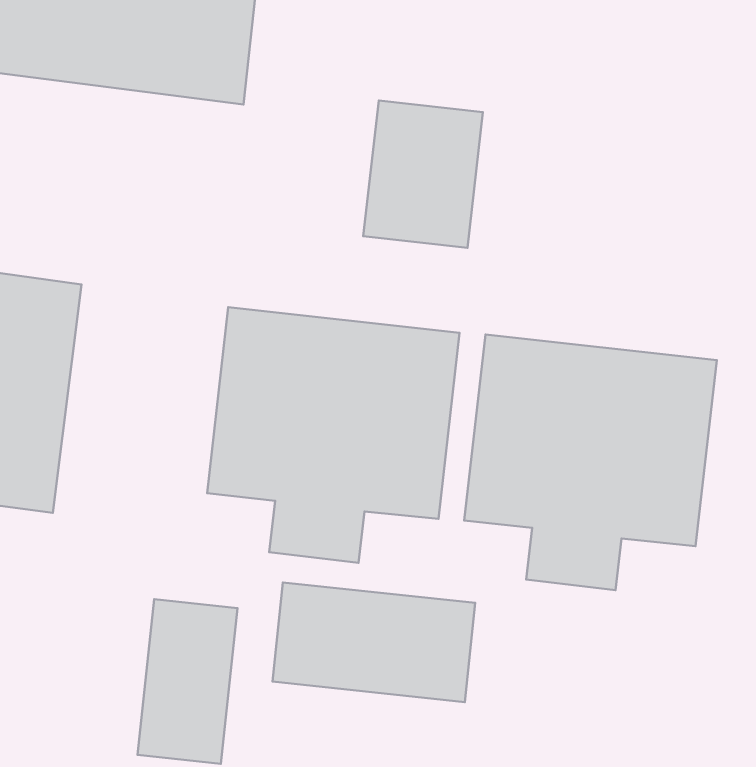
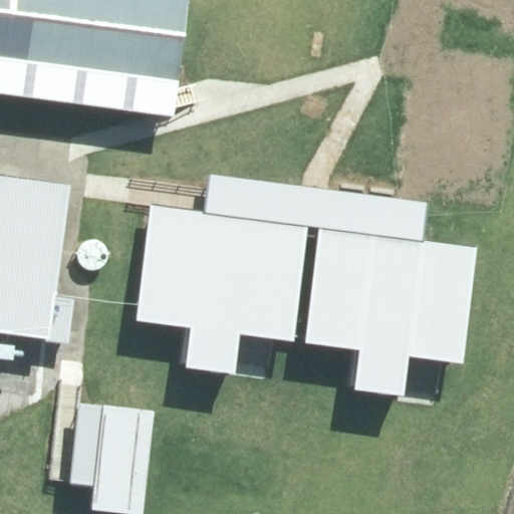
building: [363,100,483,248] -> none
building: [273,582,475,702] -> none

